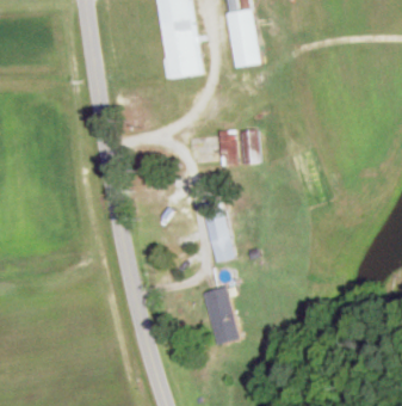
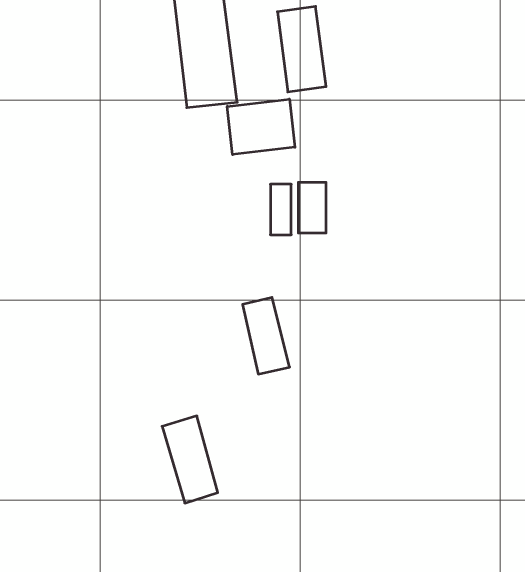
building: none -> [227,99,295,155]
building: [203,284,241,344] -> [162,416,218,503]

